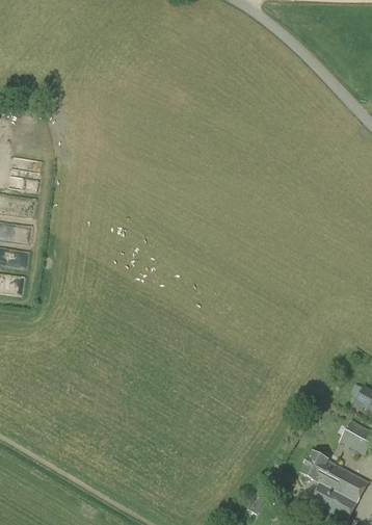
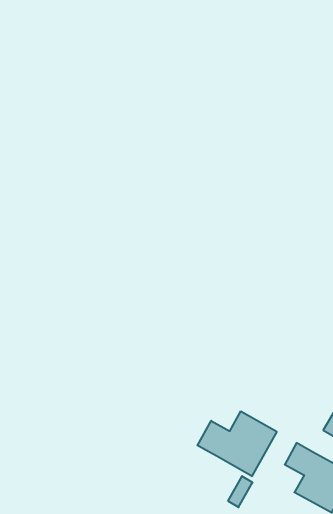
building: none -> [197,411,277,476]

